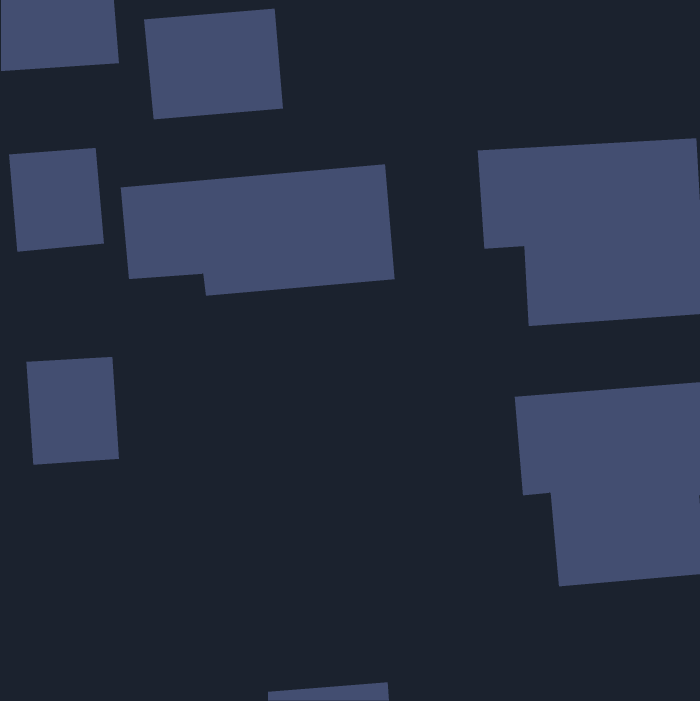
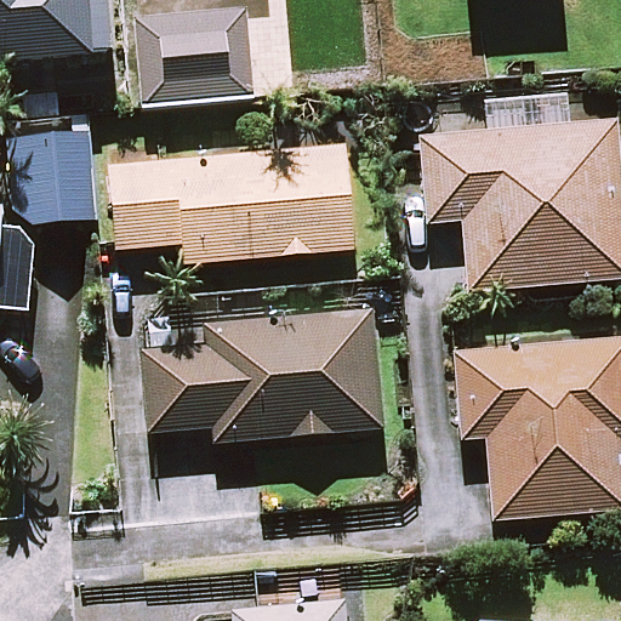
building: none -> [146,308,381,438]
building: [26,356,120,465] -> none

